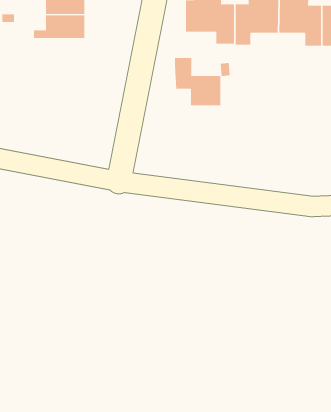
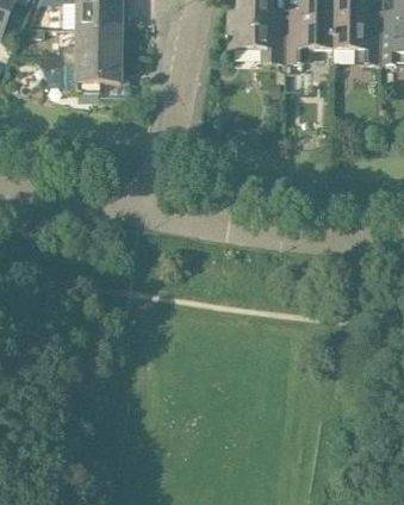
building: none -> [42,52,120,88]
building: [175,57,221,106] -> none

